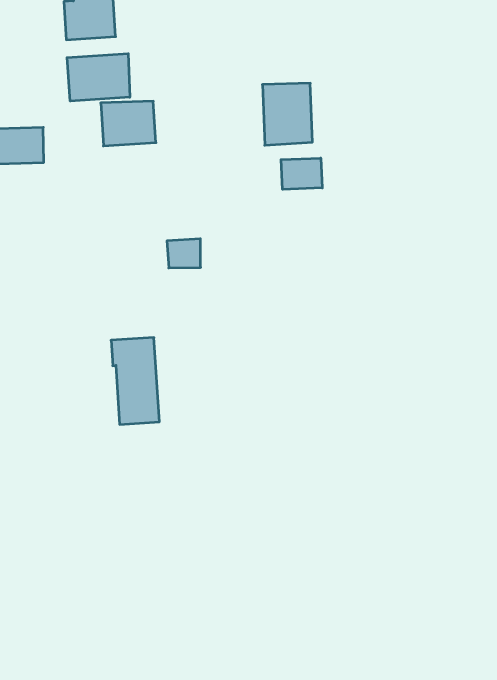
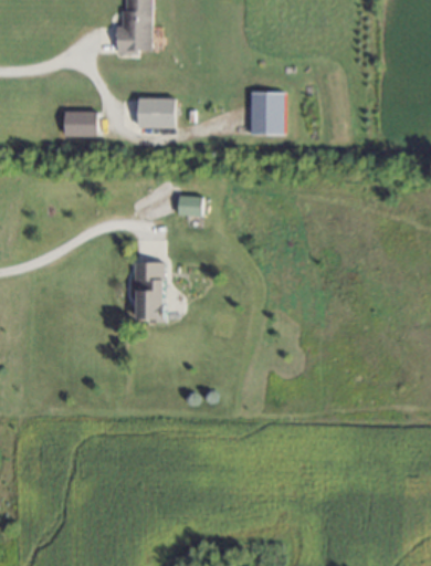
building: [67,54,130,101] -> none
building: [281,158,322,189] -> none

